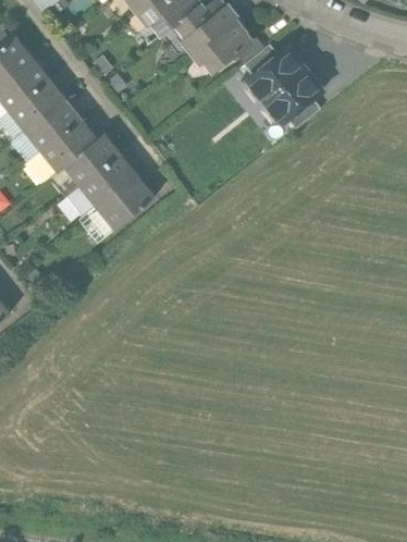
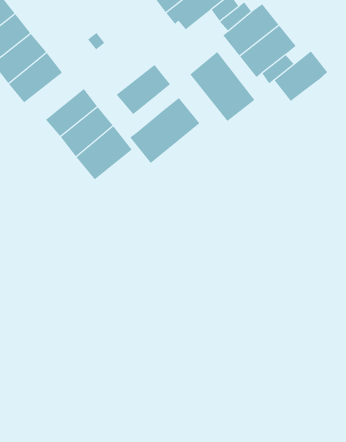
building: none -> [274,51,328,102]
building: none -> [189,51,255,122]
building: [40,116,97,169] -> [116,64,171,115]
building: none -> [130,97,200,164]

